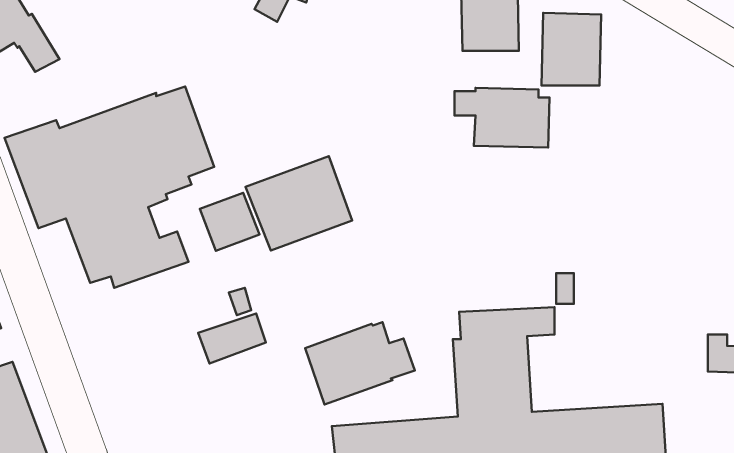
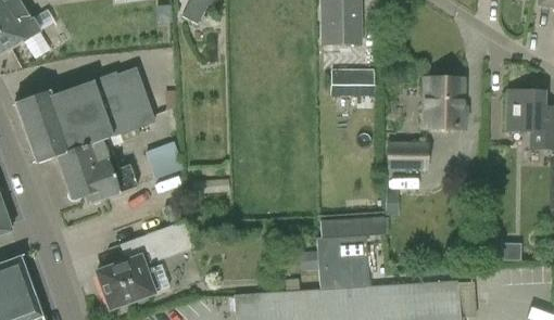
building: [542,13,601,85] -> [424,78,464,127]
building: [246,156,352,250] -> none
building: none -> [388,142,428,170]
building: [305,322,415,404] -> [96,254,169,309]

